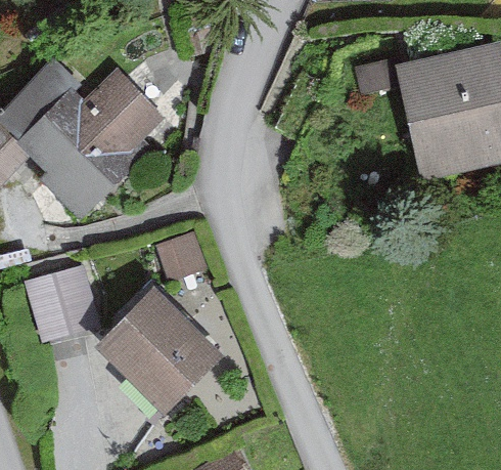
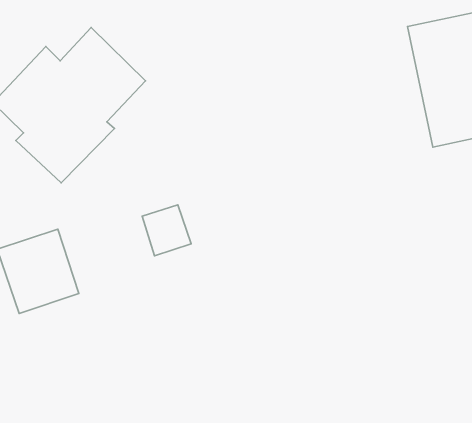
building: [97,287,221,408] -> none

